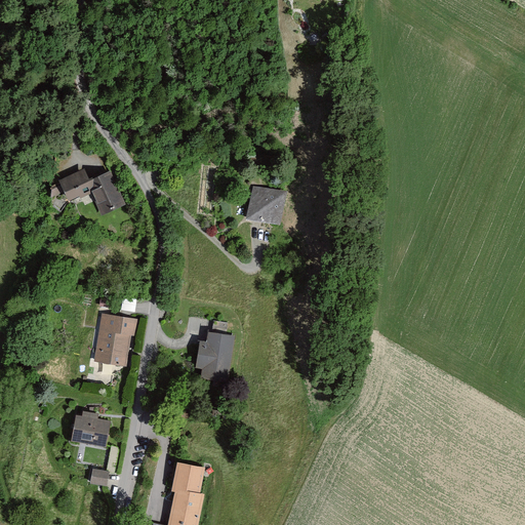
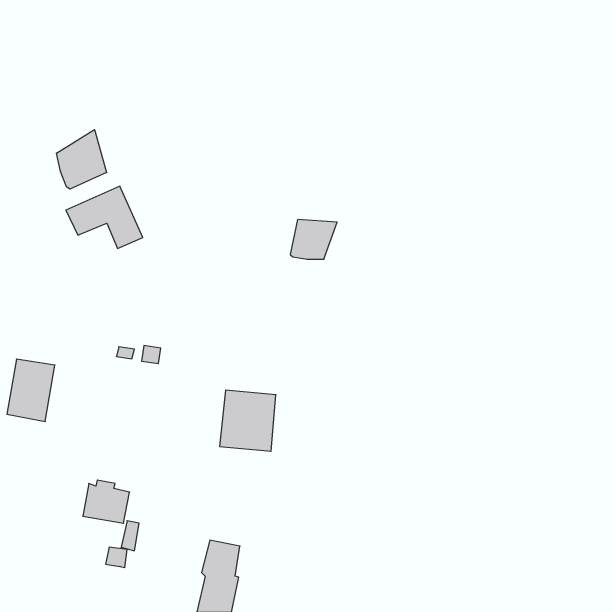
building: none -> [56,130,107,189]
building: [92,314,133,367] -> [7,359,55,421]

